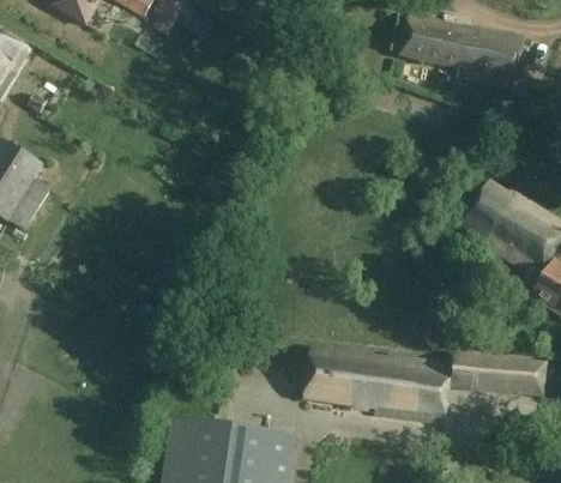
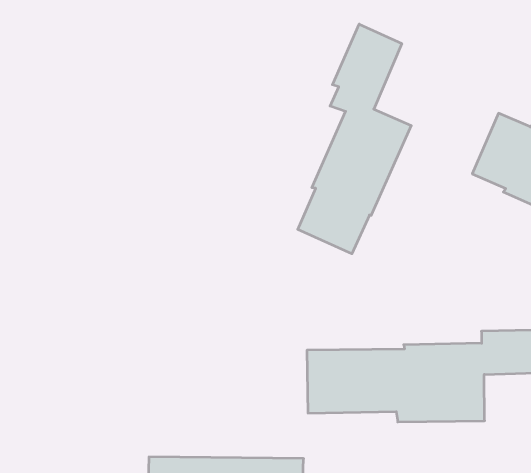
building: none -> [298,24,411,254]

